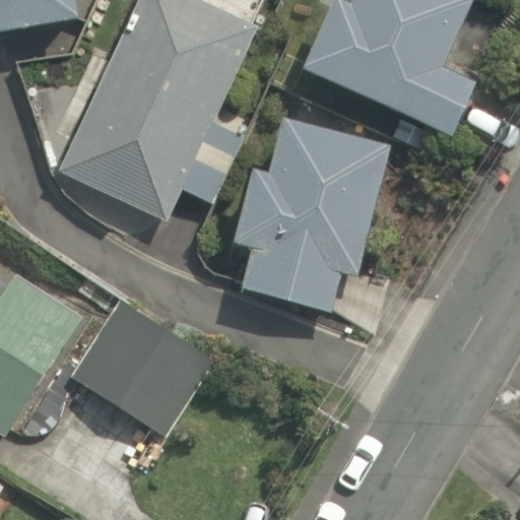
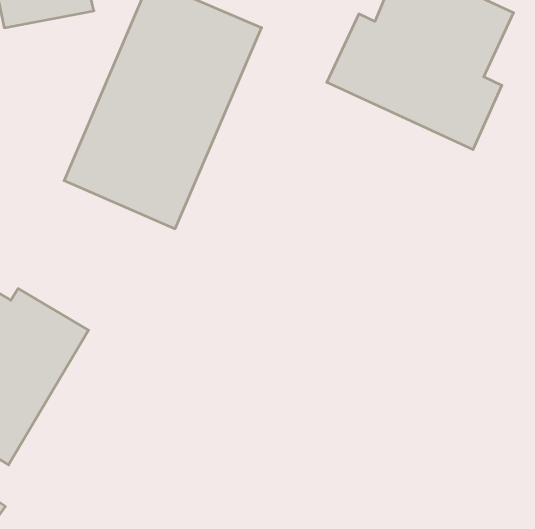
building: [240,126,388,317] -> none
building: [60,299,201,434] -> none

